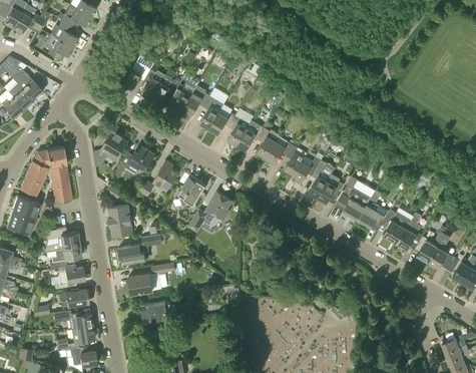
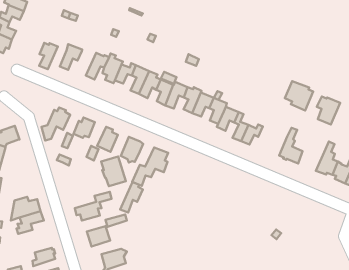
building: [142,70,166,100] -> [39,43,58,69]
building: [49,162,71,205] -> none
building: [337,185,370,221] -> [285,81,313,110]
building: [108,206,133,238] -> [101,157,126,186]
building: [383,211,411,244] -> [317,96,340,124]
building: none -> [120,182,143,212]
building: [55,266,84,290] -> none

